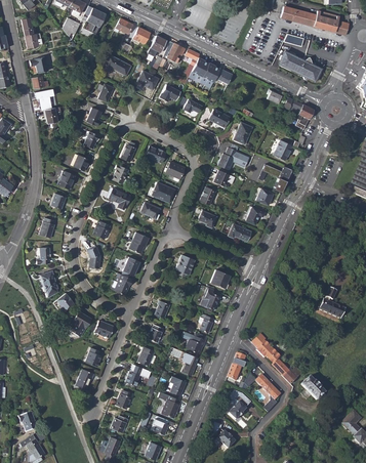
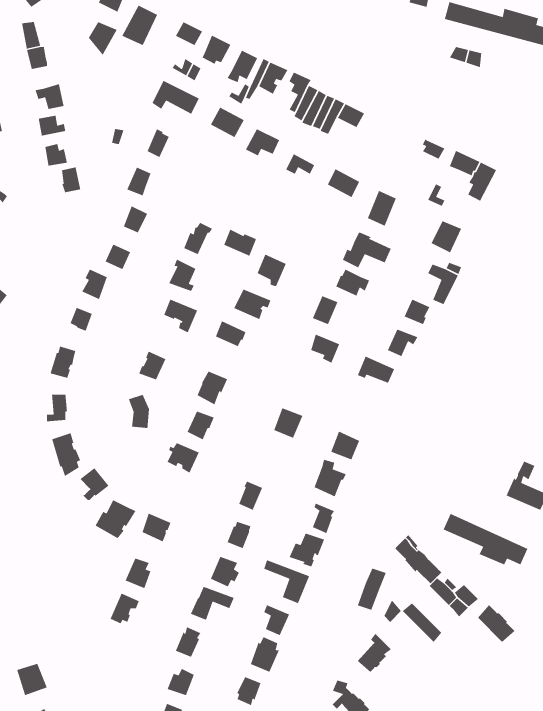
building: [283,52,325,82] -> none
building: none -> [443,513,529,566]

